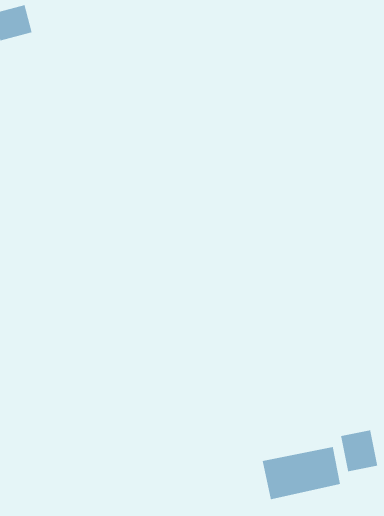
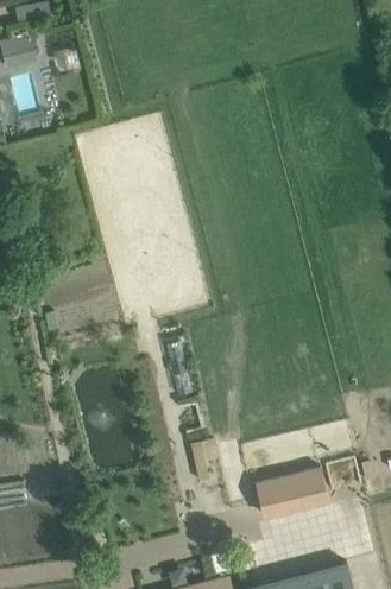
building: [340,430,378,472] -> none

